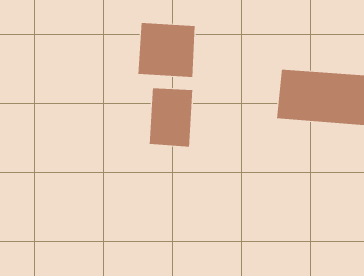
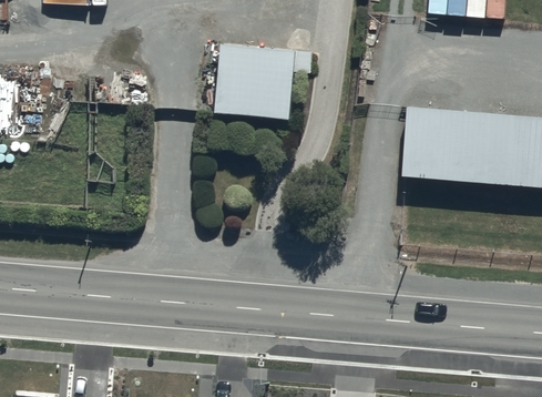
building: [149,88,193,147] -> none

